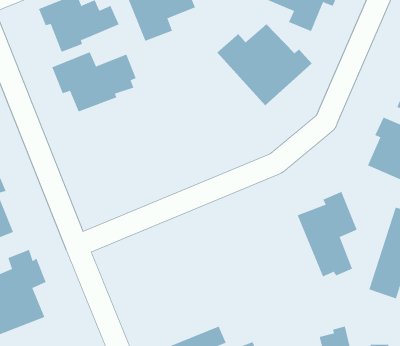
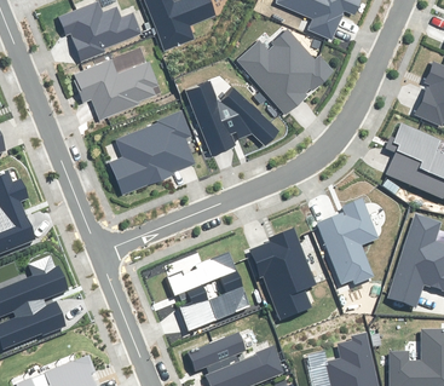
building: none -> [185,80,277,154]
building: none -> [110,114,195,192]
building: none -> [249,229,315,318]
building: none -> [168,253,248,328]

